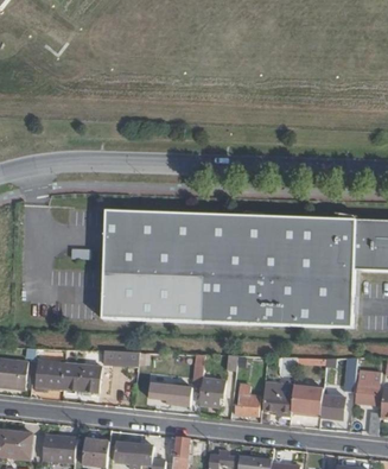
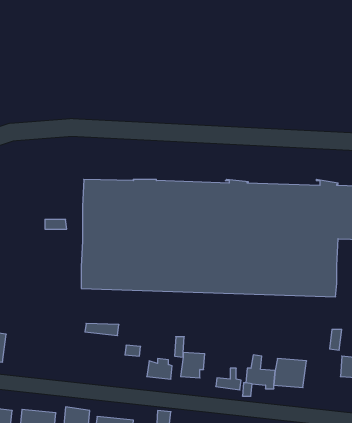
building: [36,361,100,392] -> none
building: [319,395,344,420] -> none

